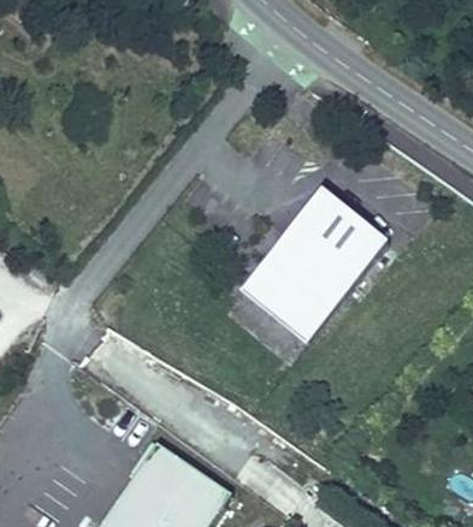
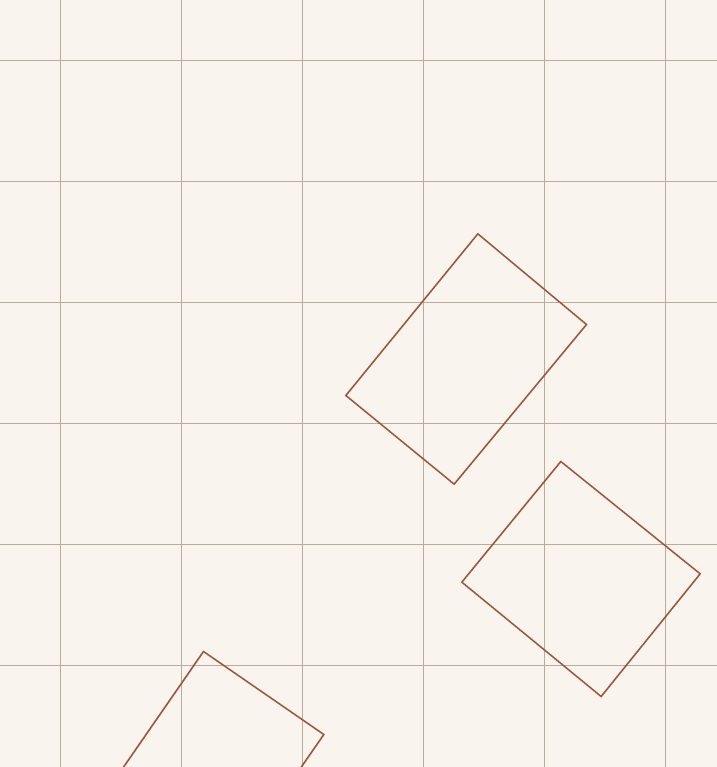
building: none -> [462,461,700,697]

